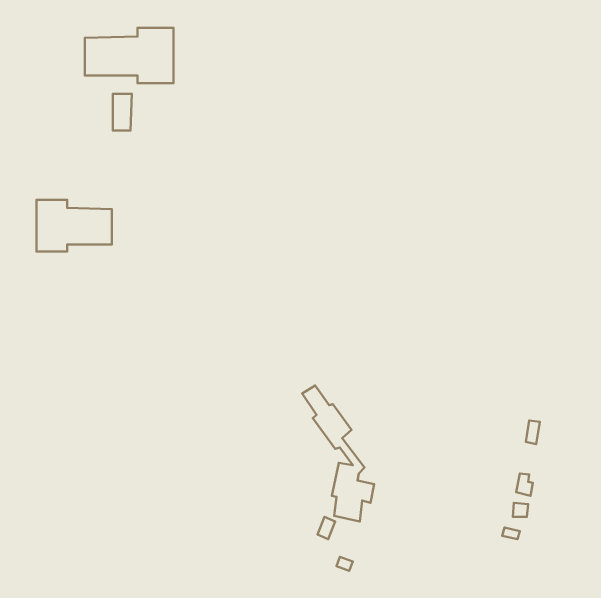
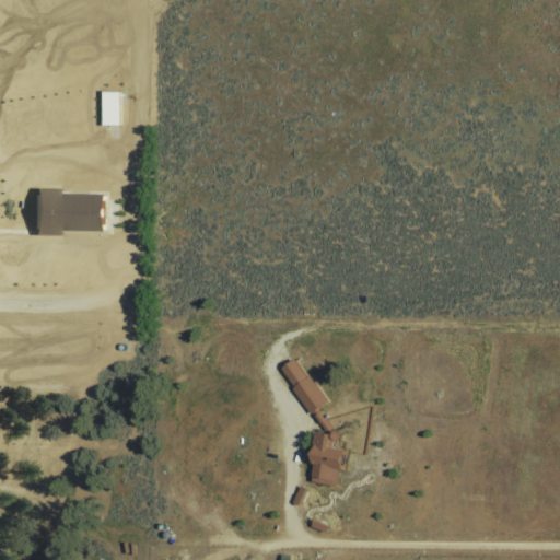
building: [85,28,173,83] -> none

